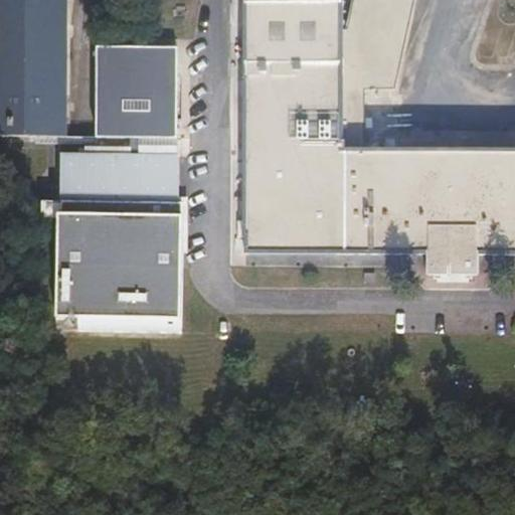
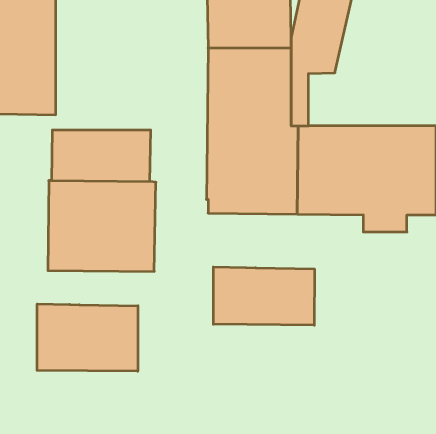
building: [97,45,176,153] -> none
building: none -> [213,267,314,325]
building: none -> [37,304,138,371]

